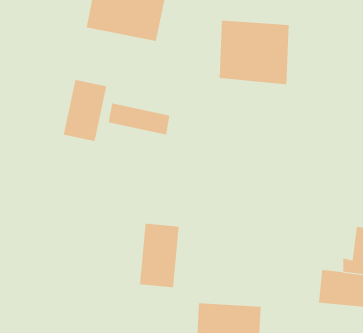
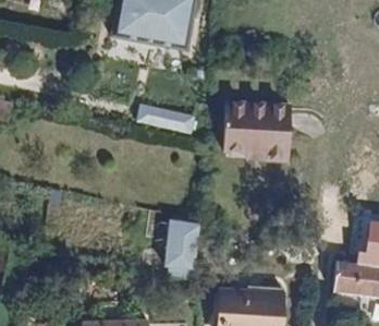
building: [219,20,289,85] -> [224,102,291,164]
building: [63,79,107,142] -> none

